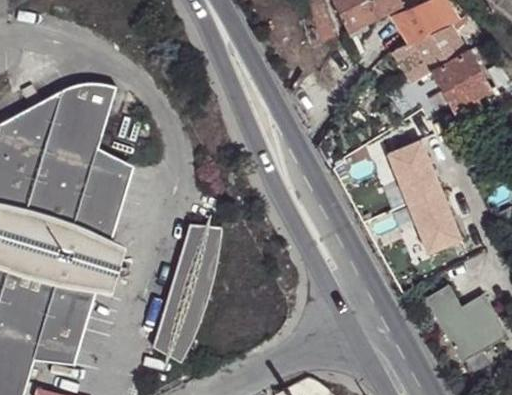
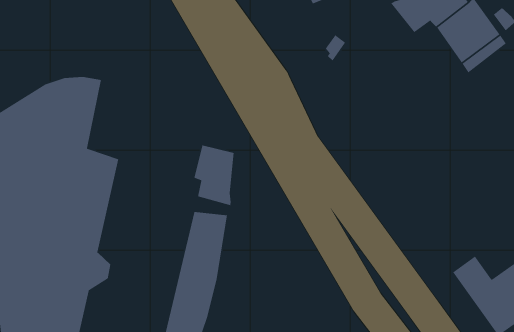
building: [386,140,466,257] -> none
building: none -> [193,145,234,206]

